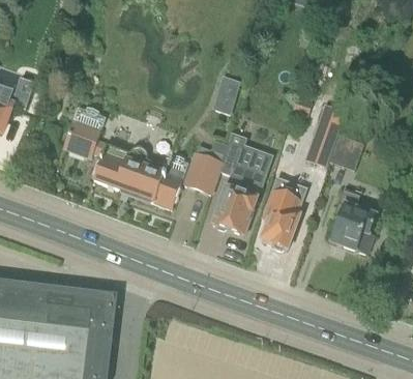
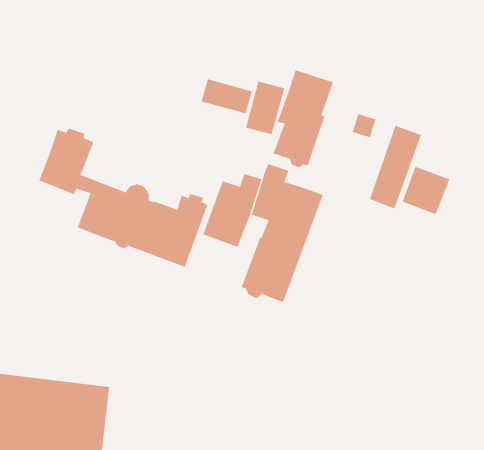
building: none -> [201,79,253,114]
building: [260,180,304,252] -> [272,69,334,168]
building: [329,185,376,255] -> none

